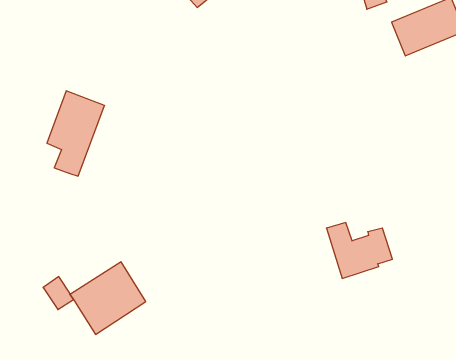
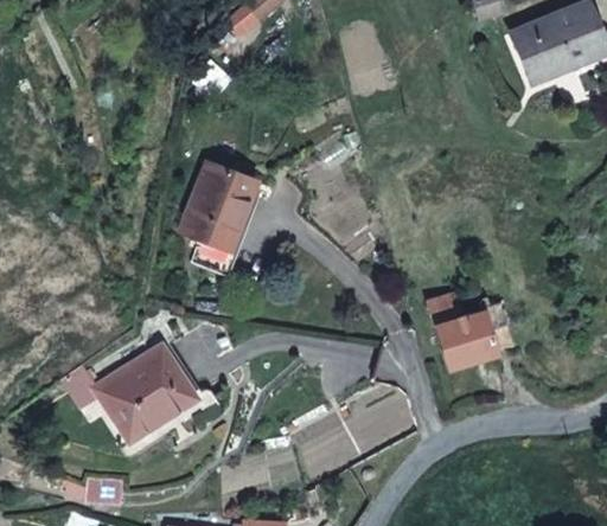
building: [47,91,105,176] -> [183,161,257,271]

